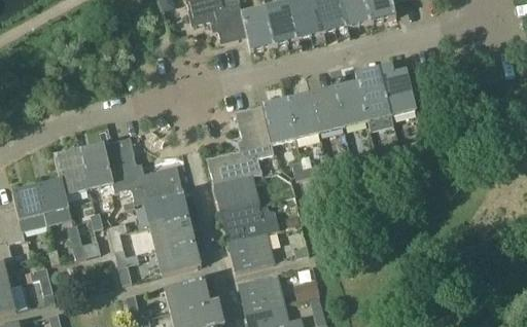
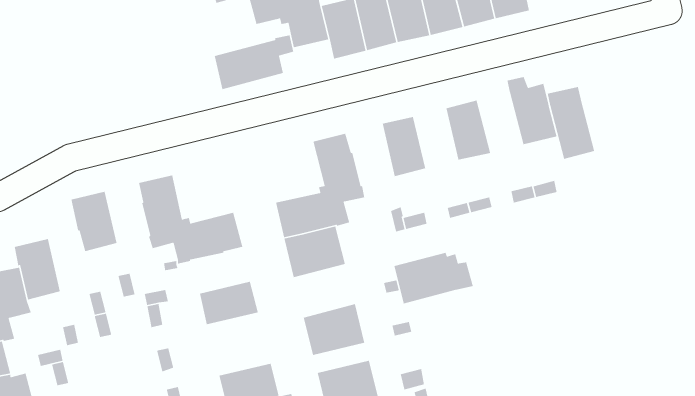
building: none -> [214,35,294,90]
building: [355,67,391,121] -> [547,86,595,160]
building: [310,87,343,133] -> none
building: [259,99,295,145] -> none
building: [80,143,113,188] -> none
building: [38,179,72,224] -> none
building: [144,191,188,225] -> none
building: [220,204,280,243] -> [394,252,474,304]
building: [155,240,201,275] -> none

